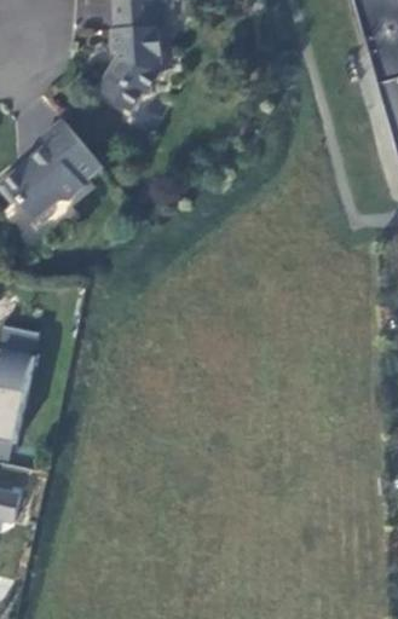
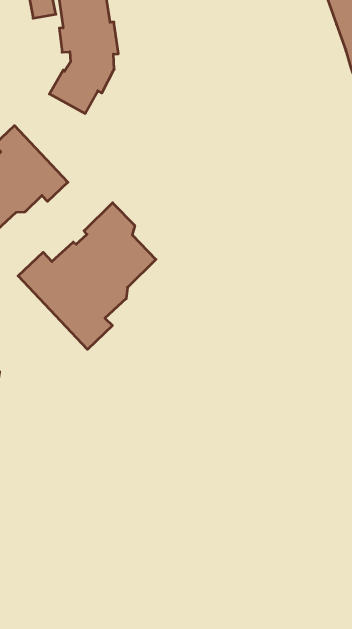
building: none -> [18,203,156,349]

